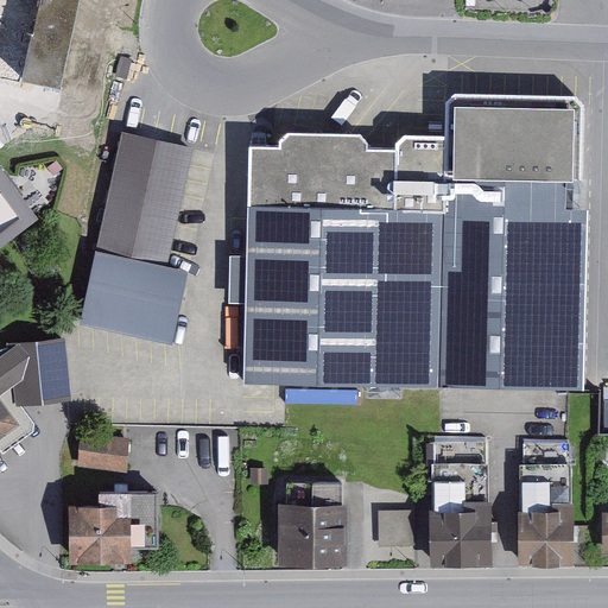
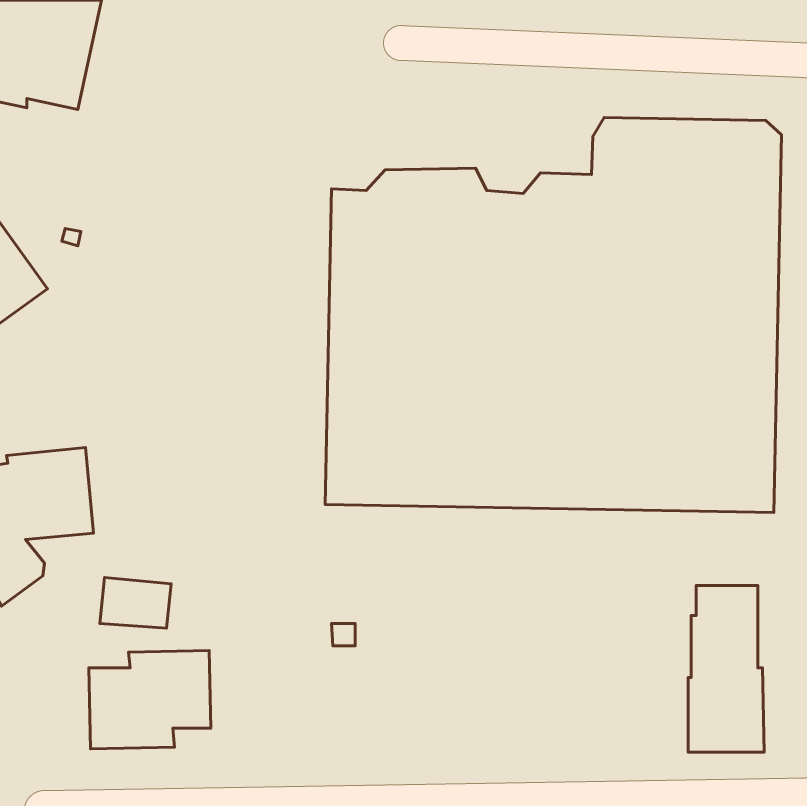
building: [78,134,191,343] -> none
building: [426,441,492,569] -> none
building: [276,482,347,565] -> none
building: [376,512,417,549] -> none

